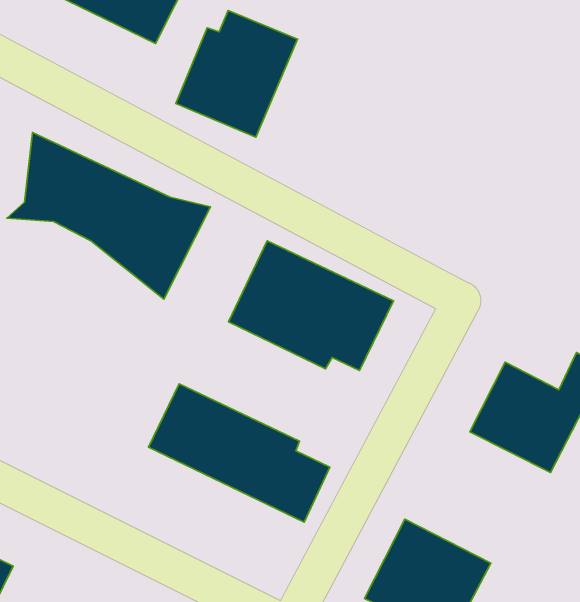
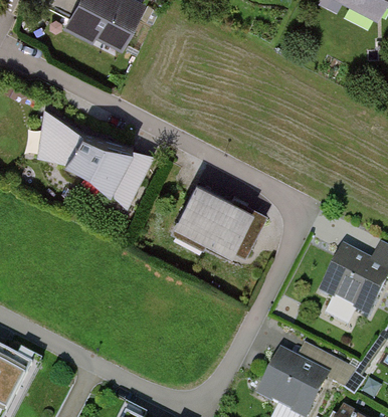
building: [176,11,298,137] -> none
building: [149,384,330,522] -> none

